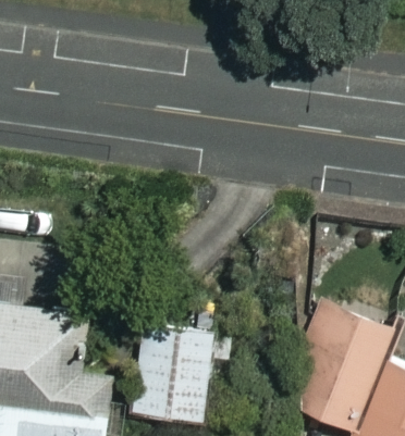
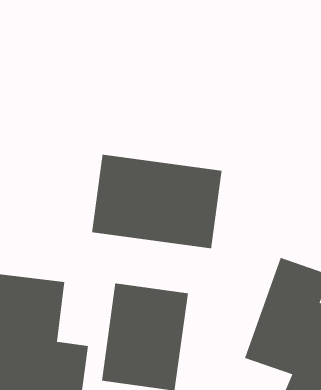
building: none -> [91,154,222,249]

